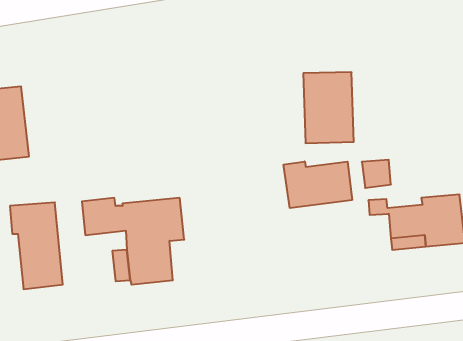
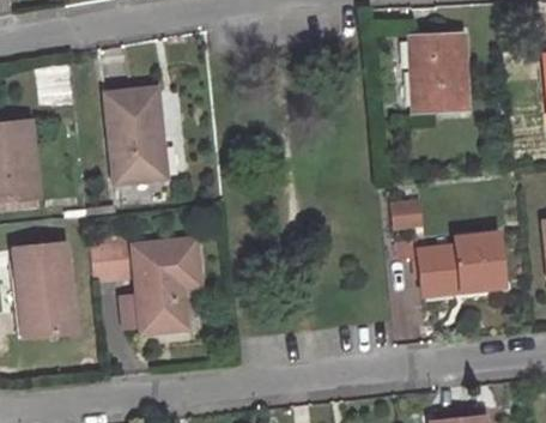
building: none -> [108,87,166,180]
building: [303,72,354,143] -> [411,35,465,110]
building: [284,161,352,208] -> none

